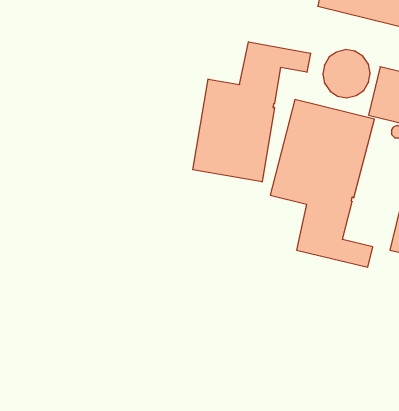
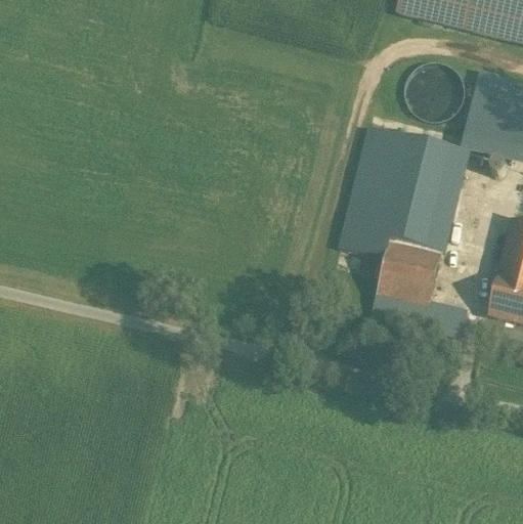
building: [193,42,310,182] -> none

